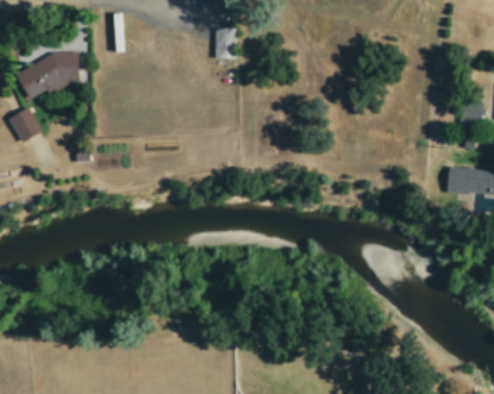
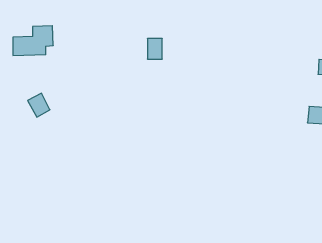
building: [214,29,236,58] -> [147,39,162,59]
building: [8,108,40,143] -> [28,93,50,117]

